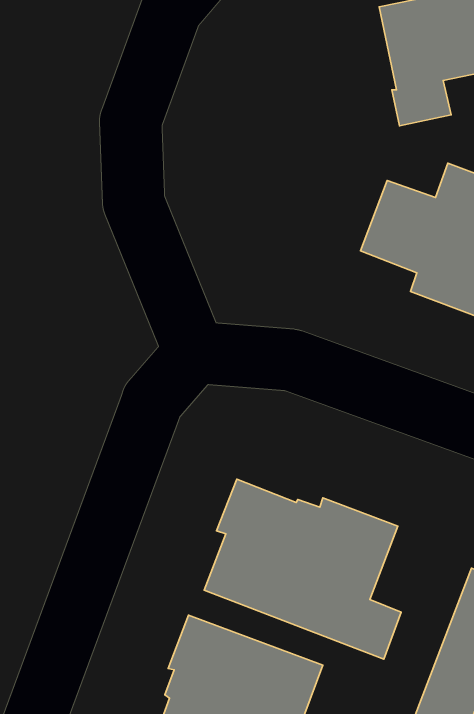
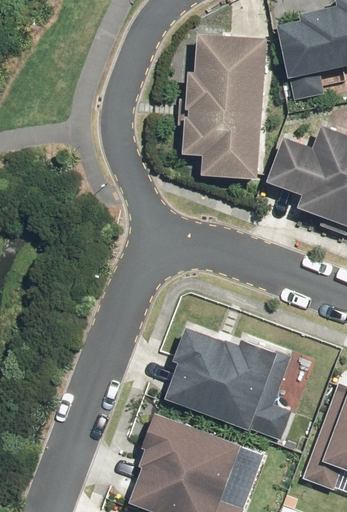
building: none -> [176,34,268,179]

